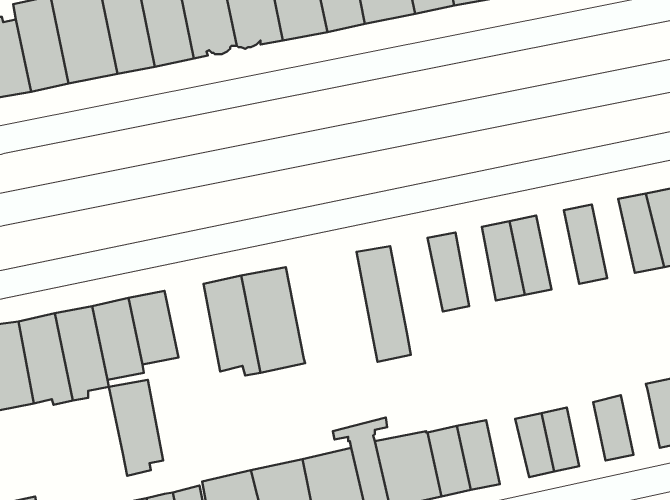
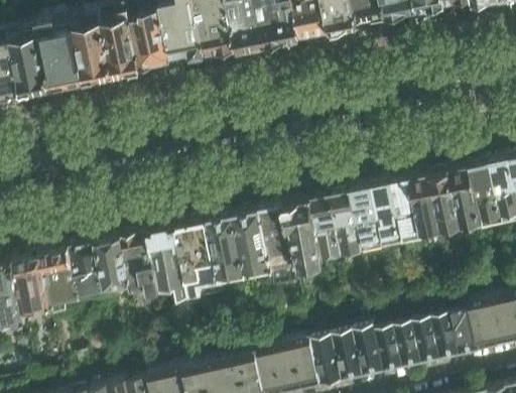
building: none -> [430,171,462,229]
building: none -> [390,179,421,237]
building: none -> [332,191,361,249]
building: none -> [284,200,324,268]
building: none -> [209,210,272,290]
building: [109,380,163,476] -> [121,233,160,302]
building: none -> [452,309,480,357]
building: none -> [412,318,440,365]
building: none -> [354,326,385,378]

